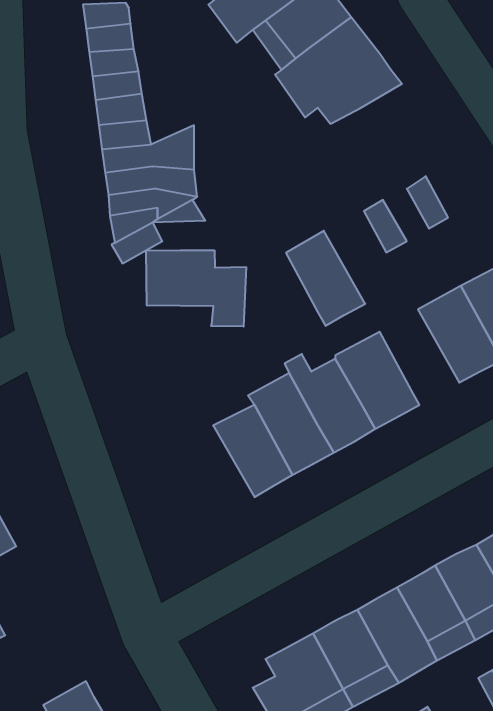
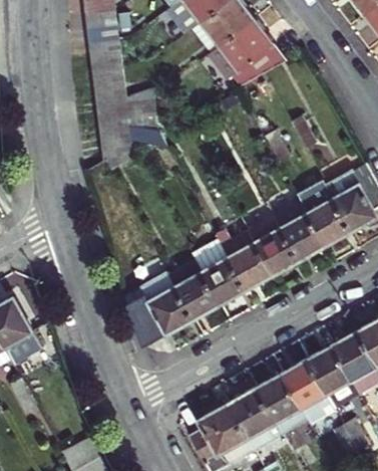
building: [286,231,365,326] -> [272,200,322,260]
building: [146,250,246,327] -> none
building: none -> [125,271,193,346]

